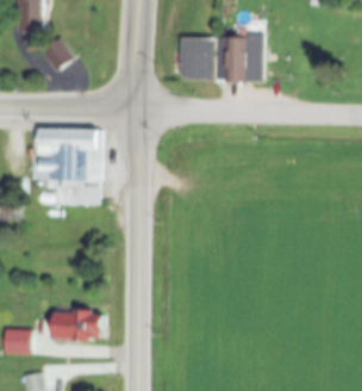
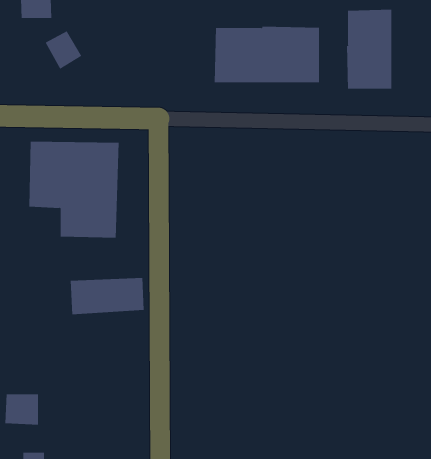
building: none -> [346,9,392,90]
building: [45,311,105,341] -> [70,277,145,315]

